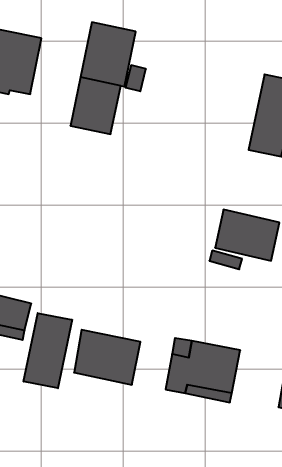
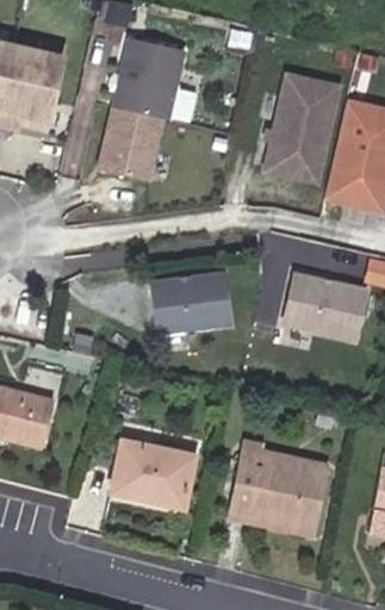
building: none -> [269,80,340,185]
building: none -> [155,278,234,338]
building: [24,313,72,388] -> none

